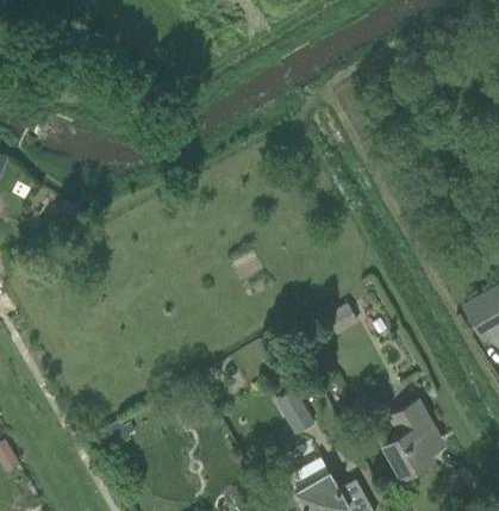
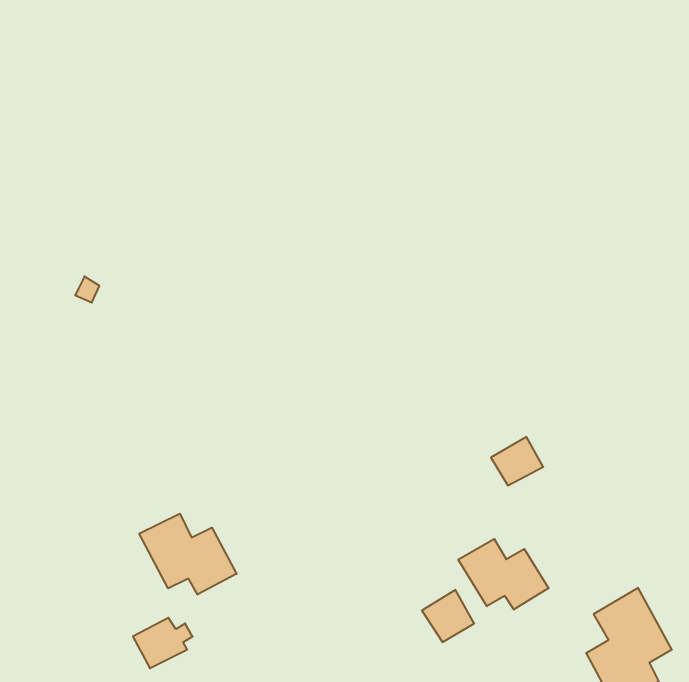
building: none -> [139,514,237,595]
building: none -> [458,539,549,610]

